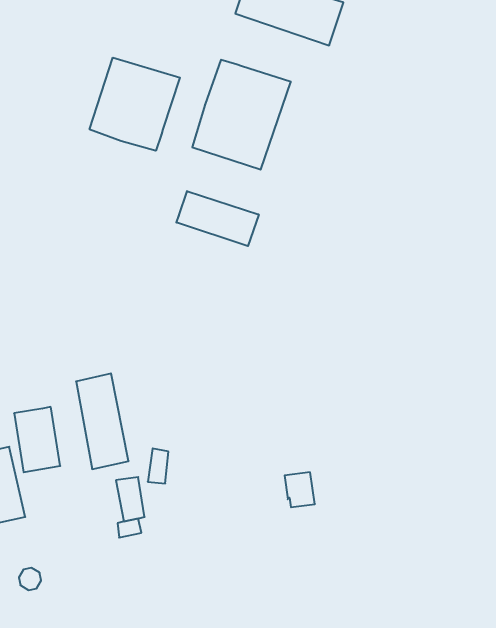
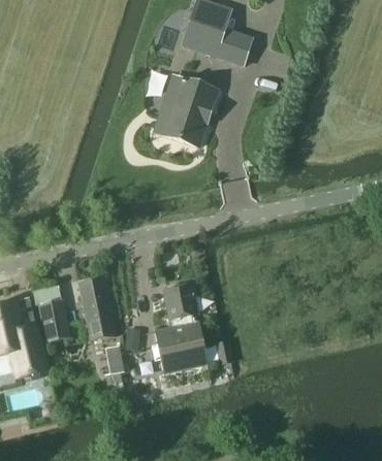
building: [90,58,180,151] -> none
building: [176,191,259,246] -> none
building: none -> [153,284,206,372]

